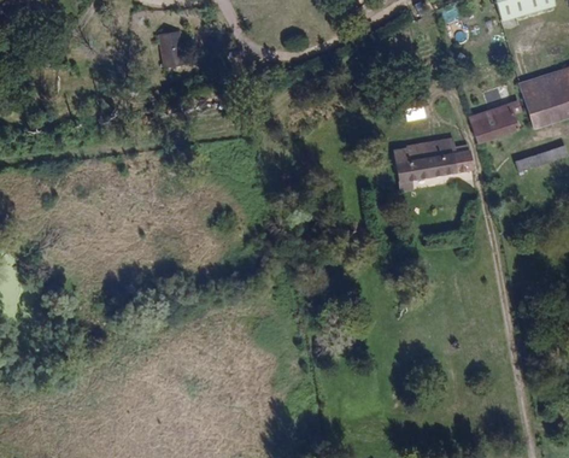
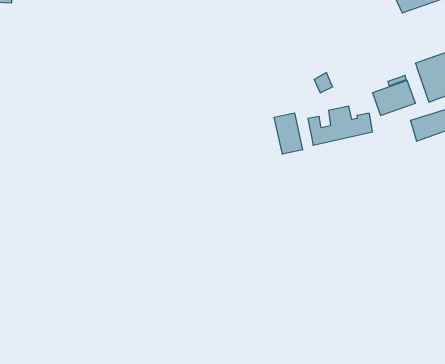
building: [160,31,188,71] -> none
building: none -> [274,113,303,154]

